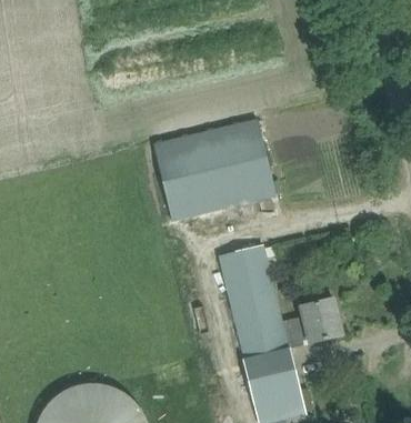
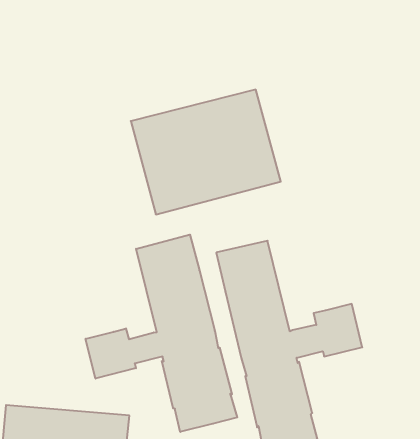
building: none -> [86,235,237,432]

